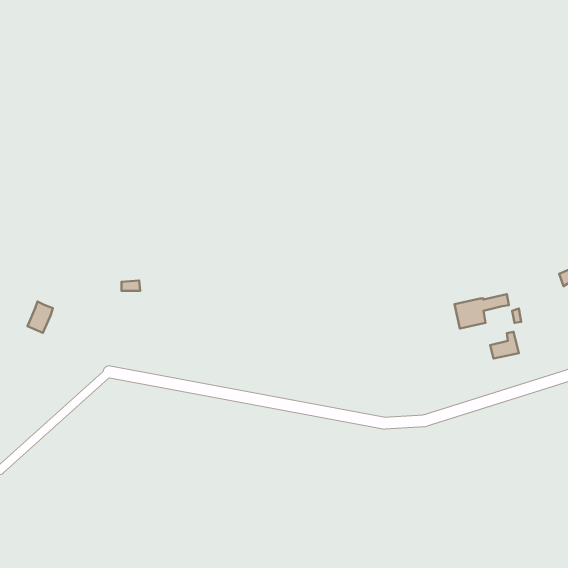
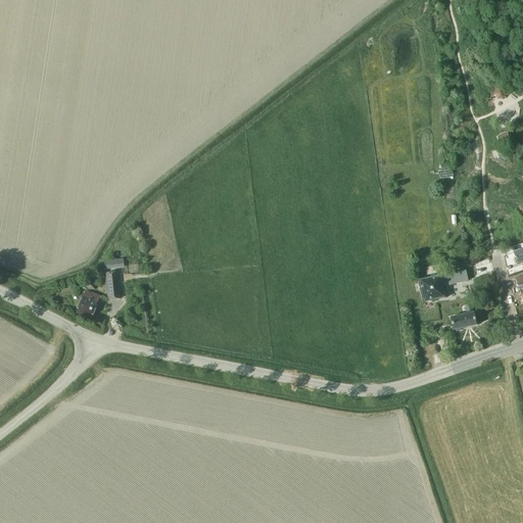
building: none -> [105,271,123,299]
building: [27,302,53,333] -> [77,289,100,318]

